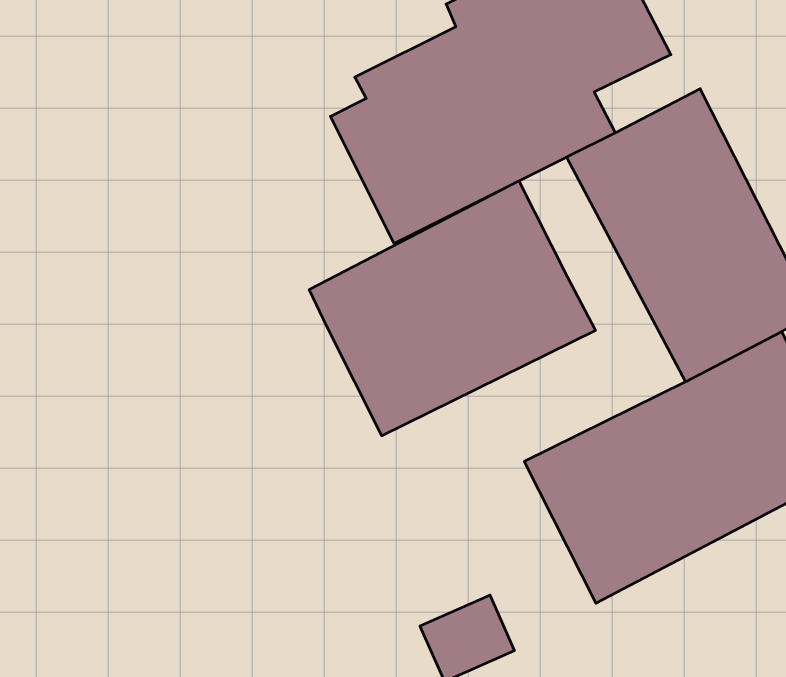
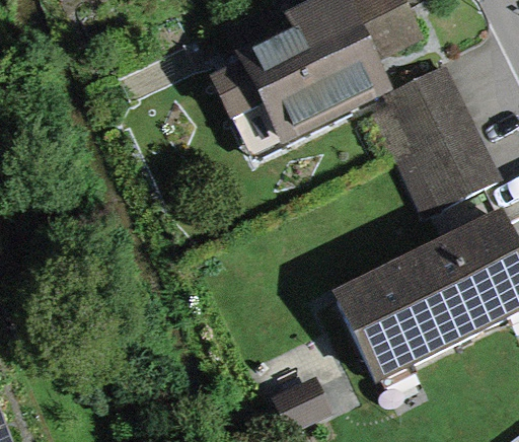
building: [309,181,595,436] -> none

